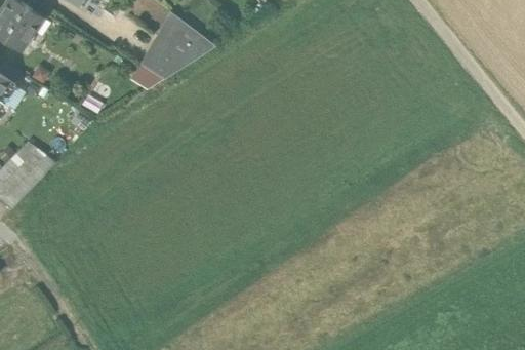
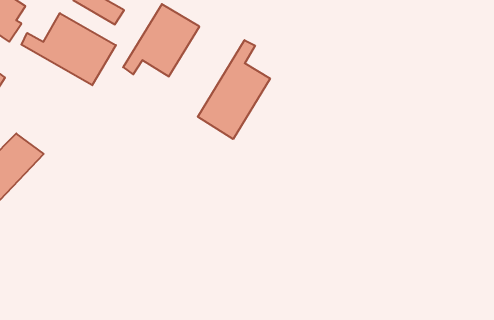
building: none -> [21,13,116,85]
building: none -> [198,40,270,139]

